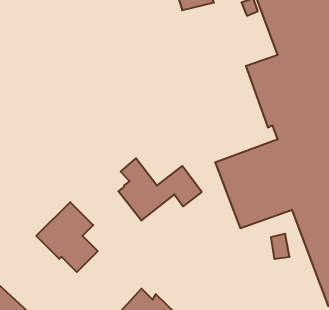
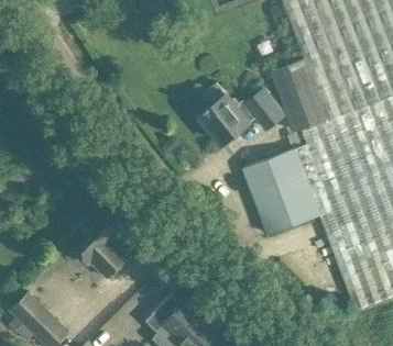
building: [118,158,202,221] -> [200,81,284,144]

